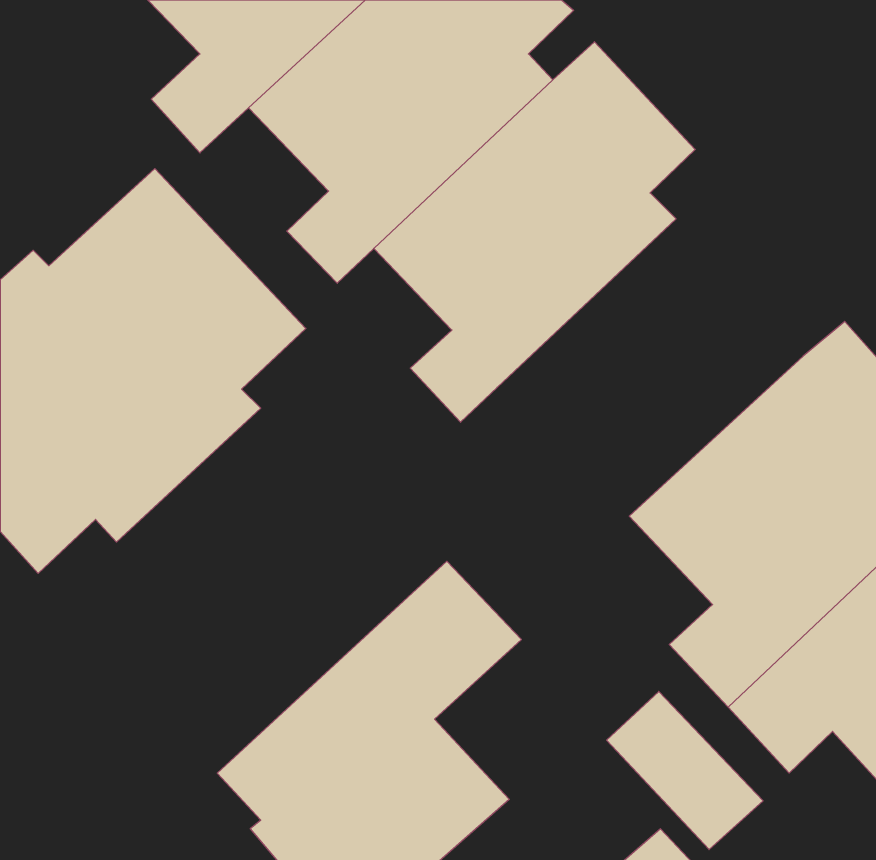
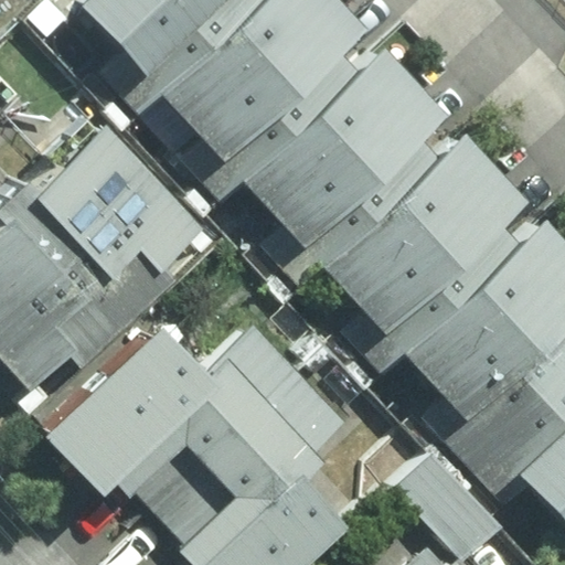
building: none -> [323,130,531,371]
building: none -> [39,330,291,509]

